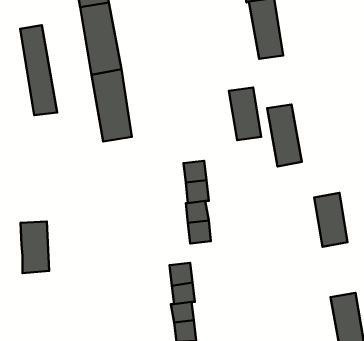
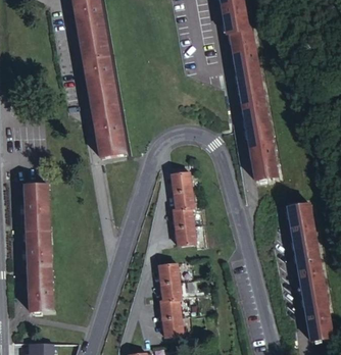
building: [20,25,57,115] -> none
building: [229,87,261,140] -> [239,81,267,128]
building: none -> [26,183,50,230]
building: none -> [295,247,325,296]
building: none -> [29,272,53,312]

